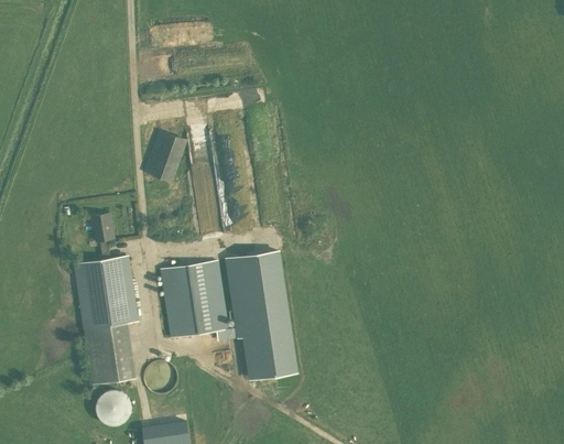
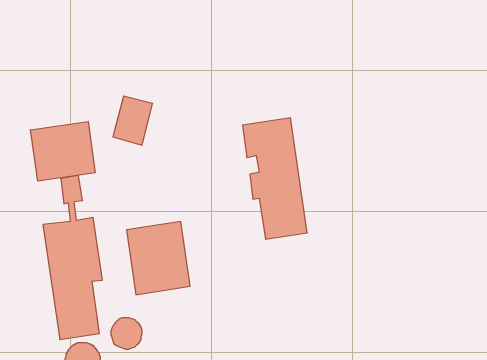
building: none -> [31,121,95,181]
building: [228,251,296,379] -> [243,118,307,239]

